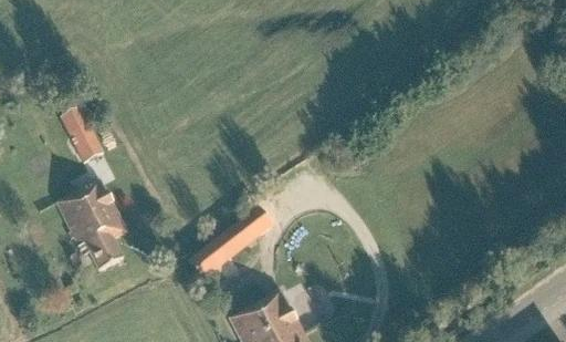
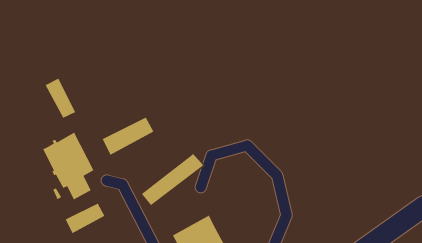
building: none -> [101,116,155,156]
building: none -> [65,202,106,234]

